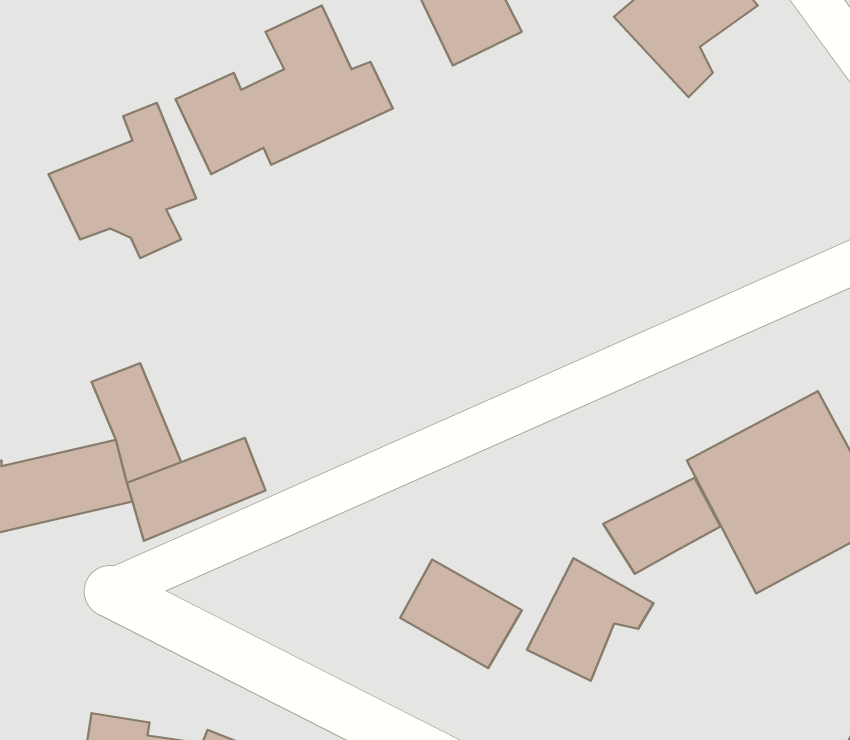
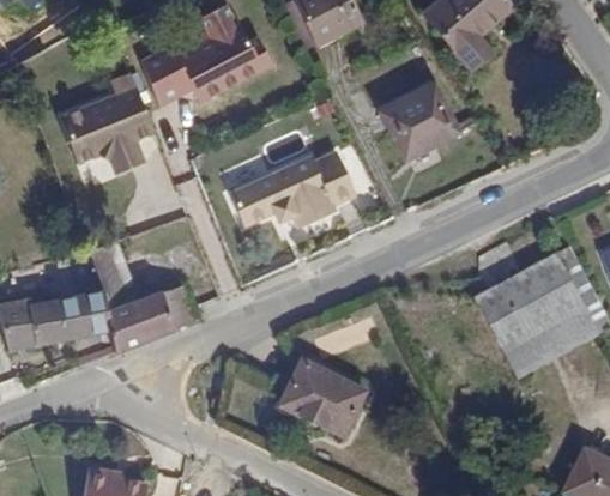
building: none -> [382,86,459,159]
building: none -> [227,145,355,222]
building: [603,478,721,574] -> none
building: [527,558,654,681] -> none

